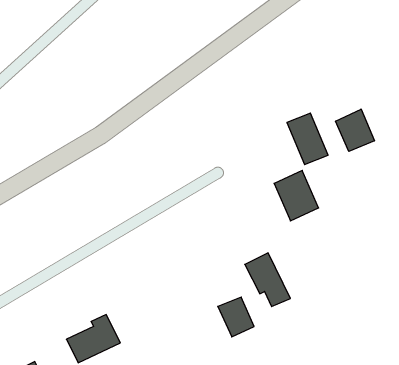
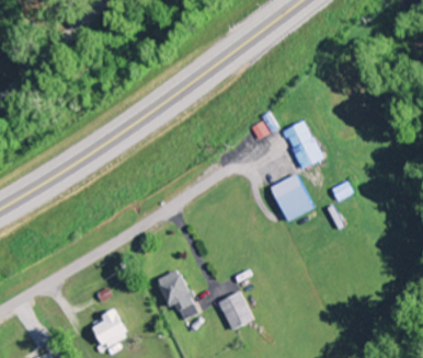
building: [336,109,374,151] -> none
building: [245,253,290,307] -> [157,269,199,320]

